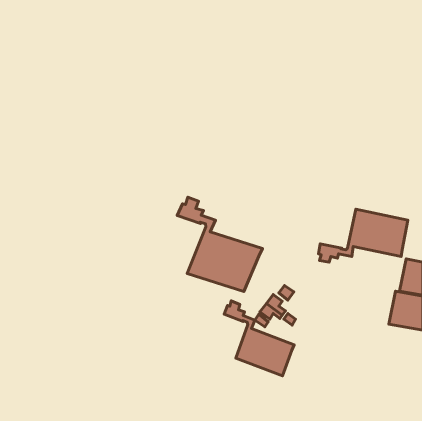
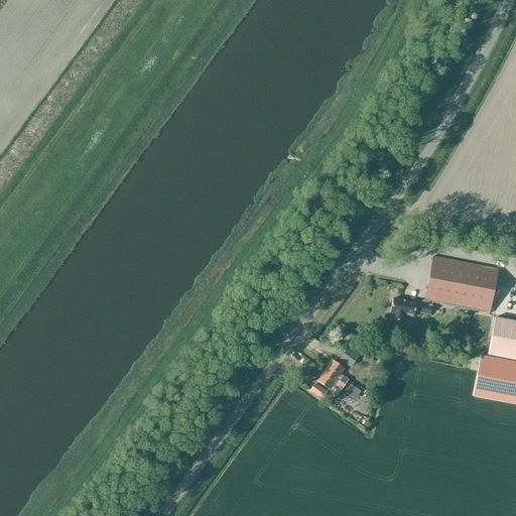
building: [177,197,263,292] -> none
building: [224,301,294,376] -> none

